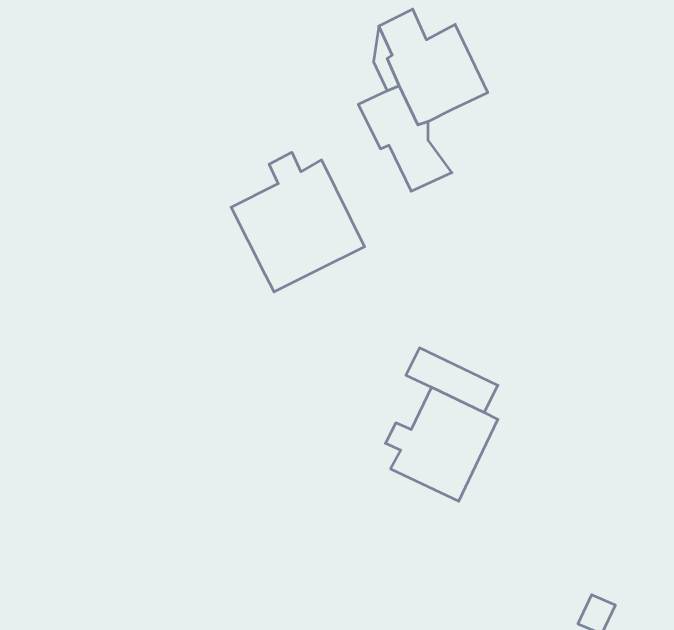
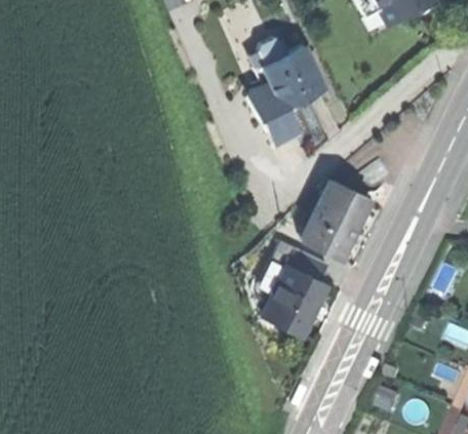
building: [231,152,365,292] -> none
building: none -> [306,182,368,255]

